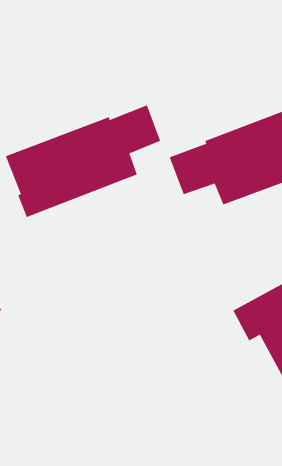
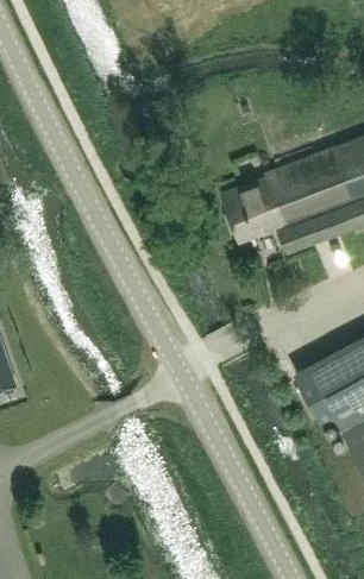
building: [5,105,161,218] -> none

